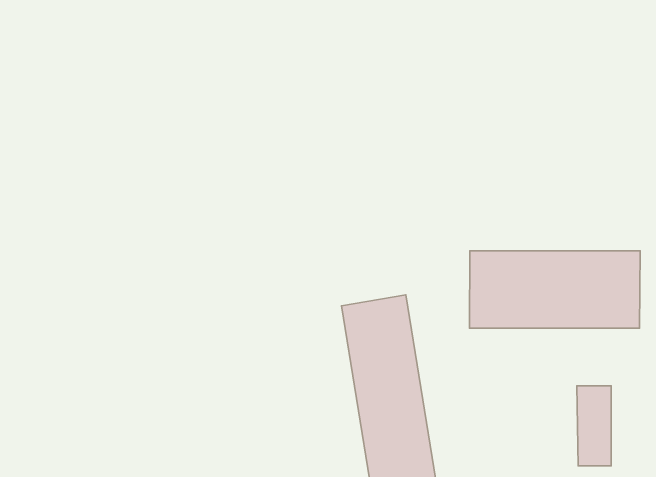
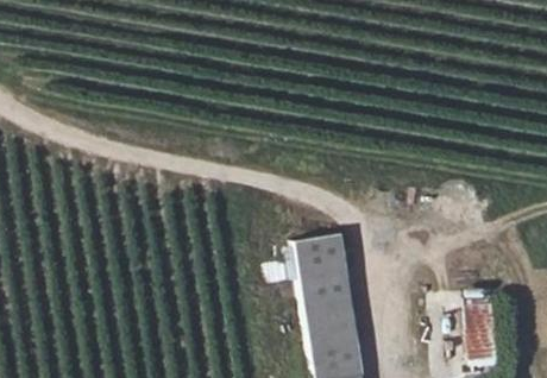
building: [469,251,640,328] -> none

